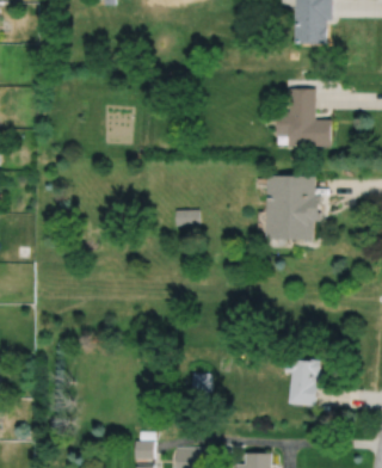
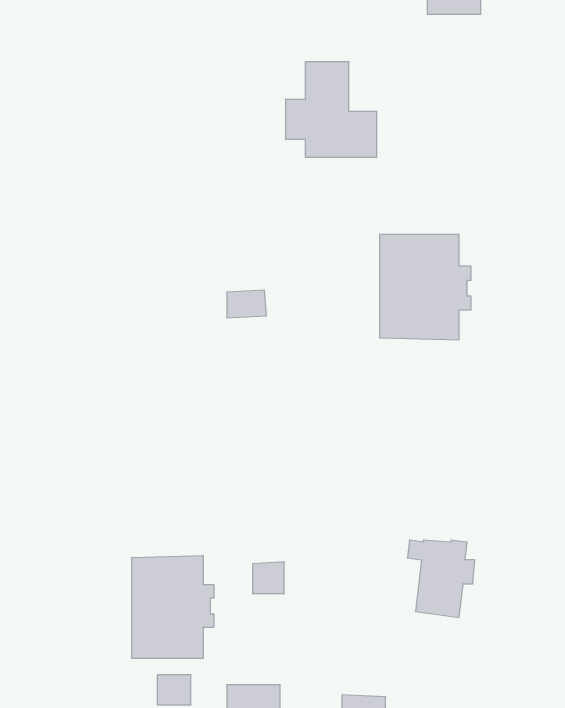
building: [277,88,332,146] -> [285,62,377,157]
building: none -> [132,555,214,658]

